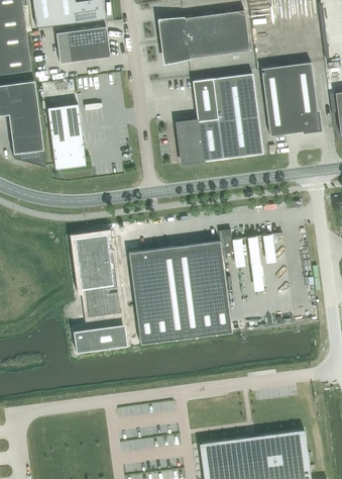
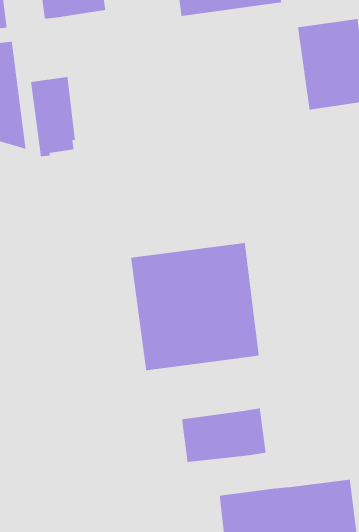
building: [178,73,262,164] -> none
building: [75,233,120,317] -> none
building: [74,324,127,352] -> none
building: none -> [181,407,266,463]

